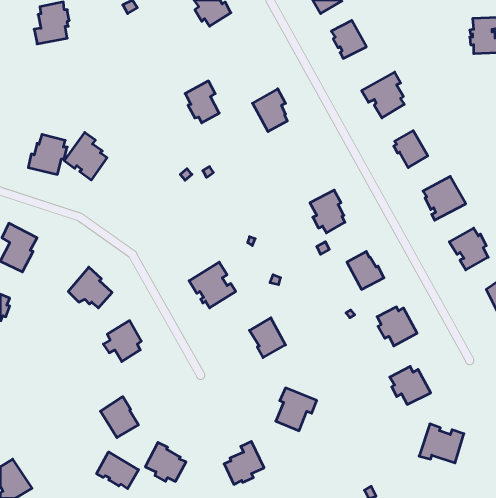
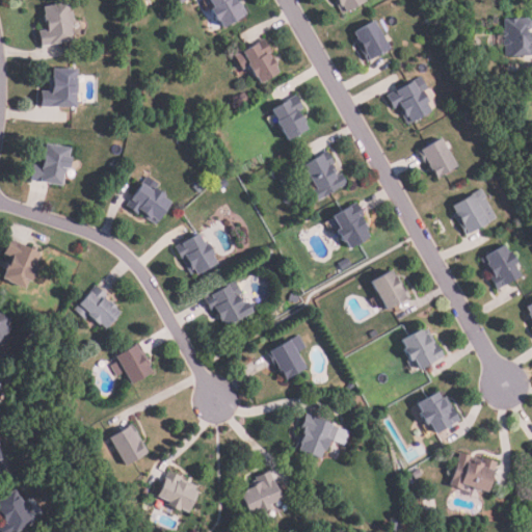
building: none -> [41,69,79,108]
building: [185,81,219,123] -> [244,38,281,83]
building: [64,132,107,180] -> [127,176,172,227]
building: none -> [301,151,348,203]
building: none -> [175,233,218,276]
building: [97,452,139,489] -> none

